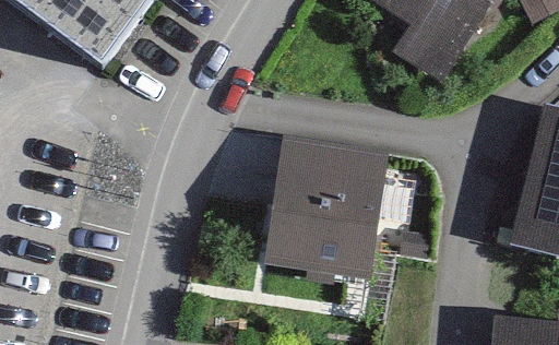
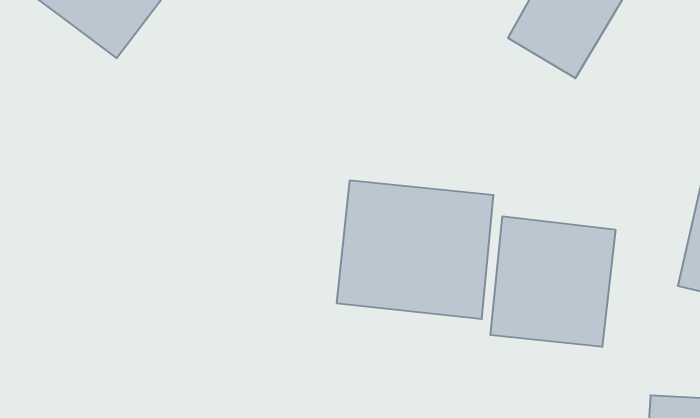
building: none -> [490,216,615,347]

